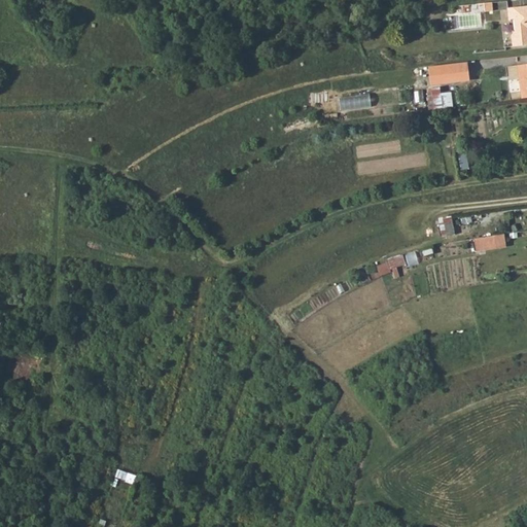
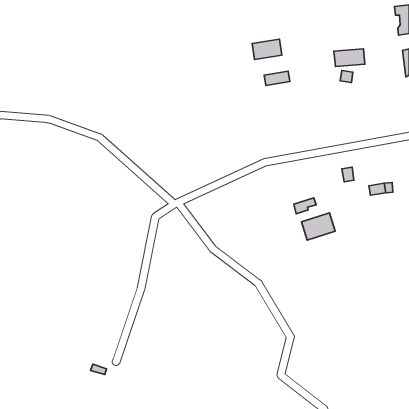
building: none -> [252,39,282,60]
building: none -> [302,213,335,240]

